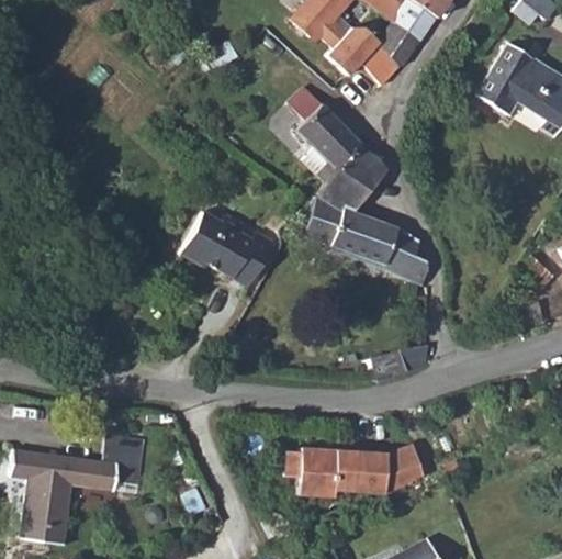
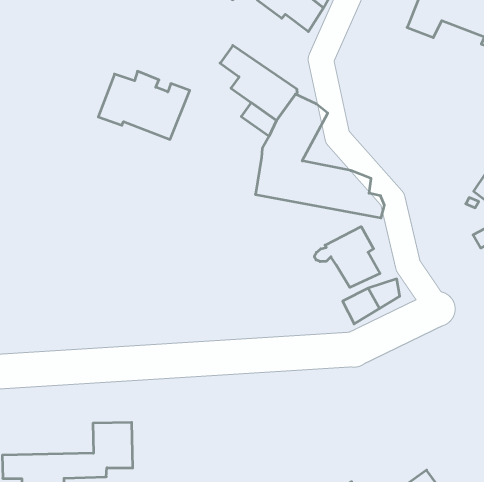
building: [178,214,272,288] -> [98,71,190,139]
building: none -> [314,227,380,287]
building: [282,443,423,496] -> none

